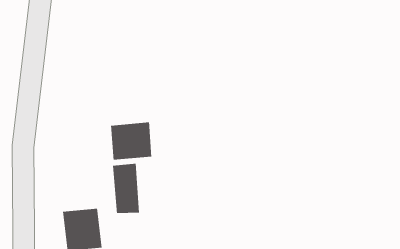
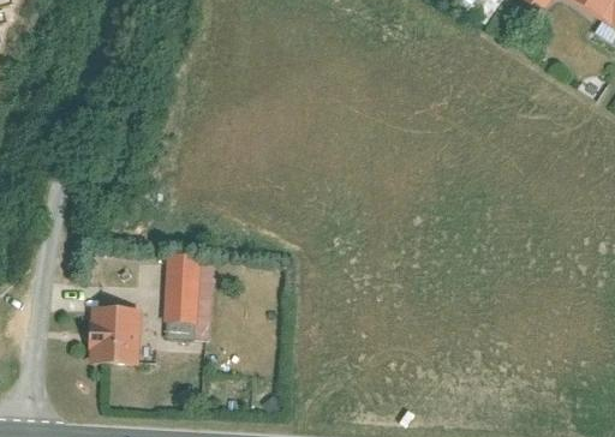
building: [111,122,152,161] -> none

